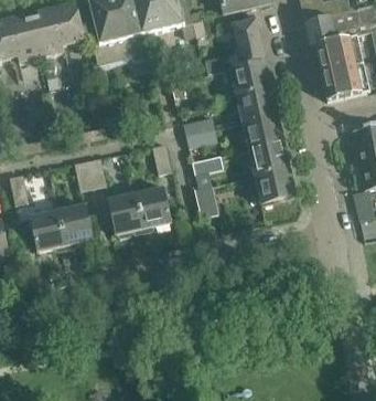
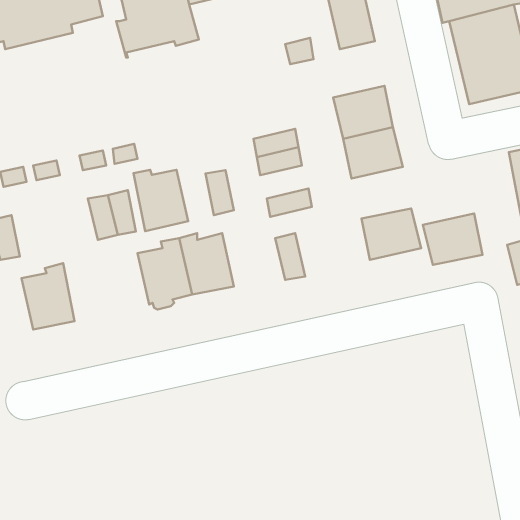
building: [230,61,271,95] -> none
building: [249,141,289,176] -> [423,213,482,265]
building: [57,203,94,244] -> [134,170,188,231]

